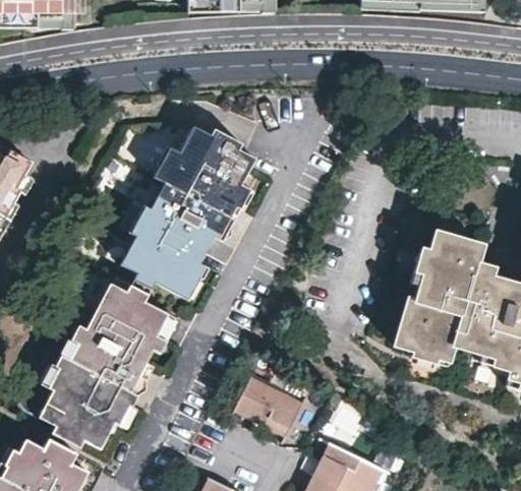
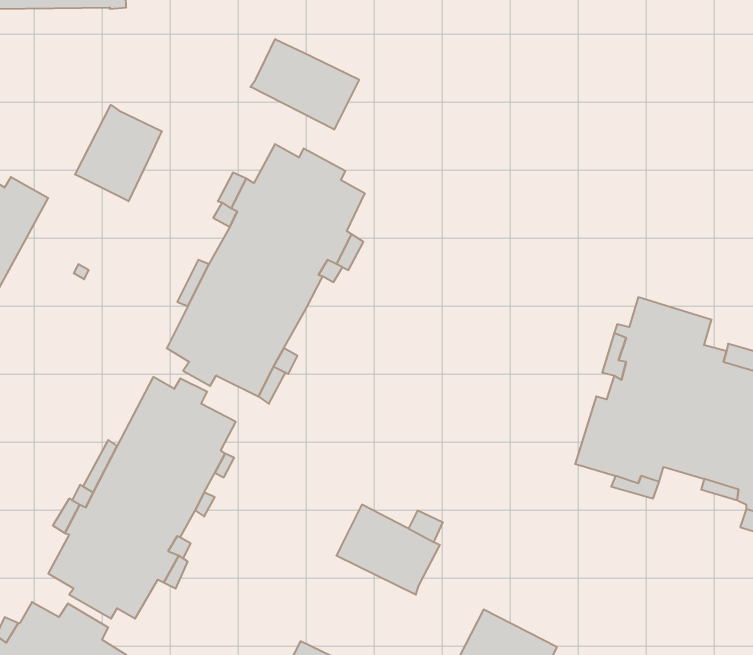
building: none -> [250,39,359,130]
building: none -> [75,105,162,201]

